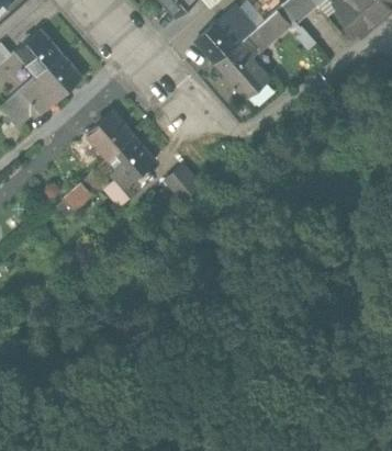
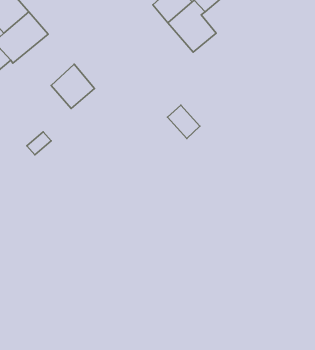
building: [107,136,155,195] -> none
building: [159,161,194,198] -> [168,105,200,138]

